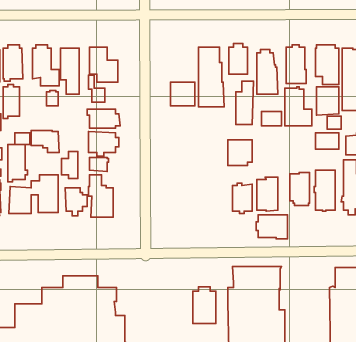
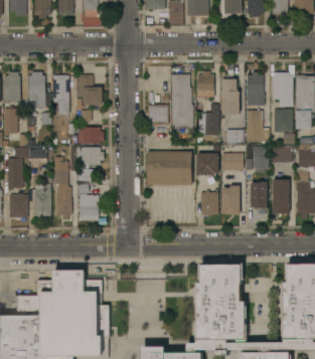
building: none -> [253,146,270,173]
building: none -> [148,151,192,185]
building: none -> [221,153,244,170]
building: [256,215,287,239] -> none
building: [193,287,216,324] -> none

